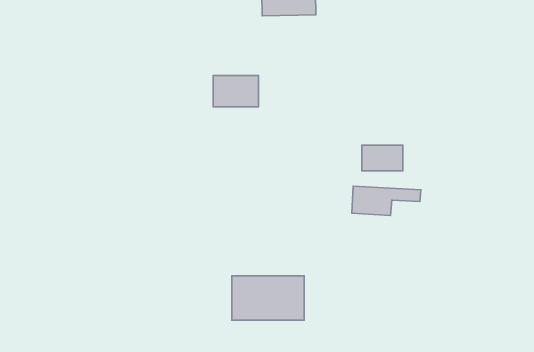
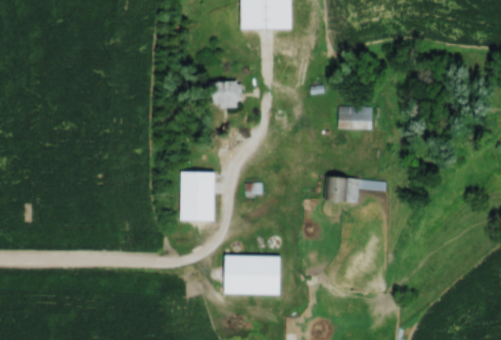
building: [362,145,403,171] -> [334,106,370,129]
building: none -> [177,171,217,221]

